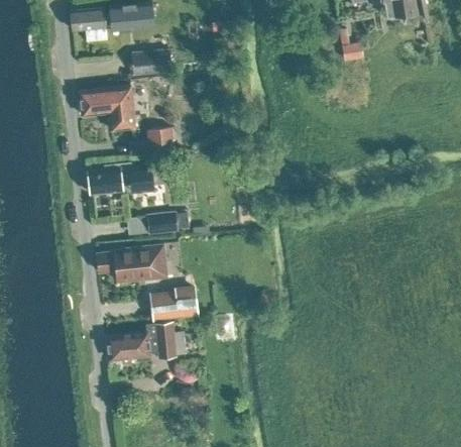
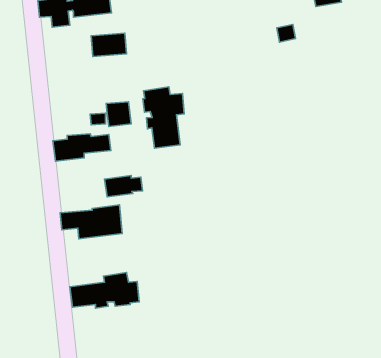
building: [79,86,136,132] -> none
building: none -> [143,87,184,148]
building: [148,285,199,322] -> none

